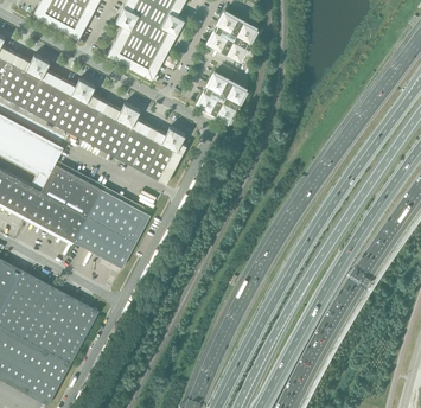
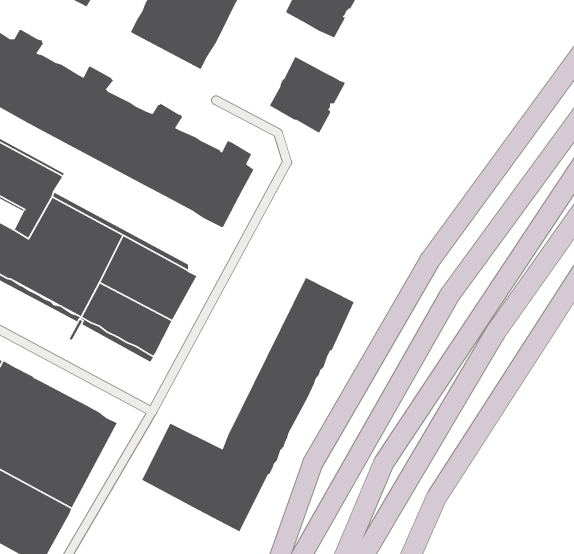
building: none -> [141,277,355,533]

